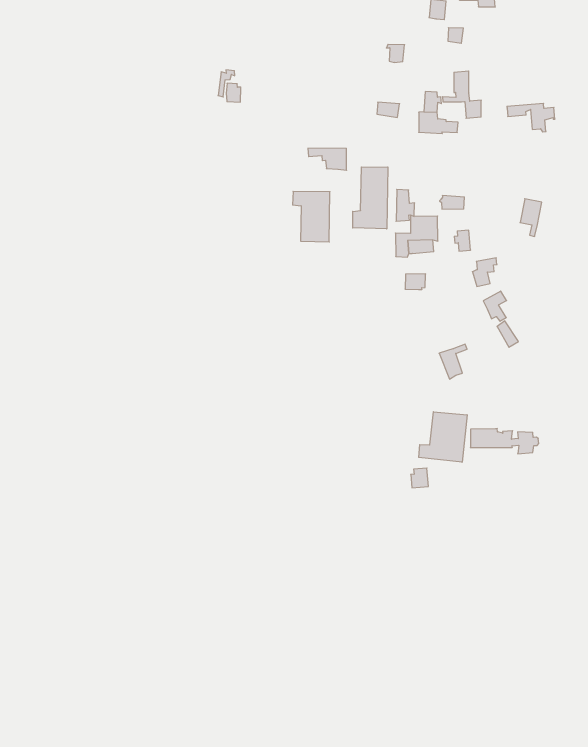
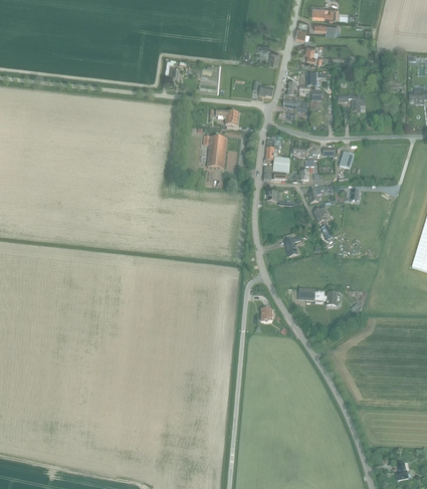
building: [353,167,388,229] -> none
building: [419,412,467,462] -> none

